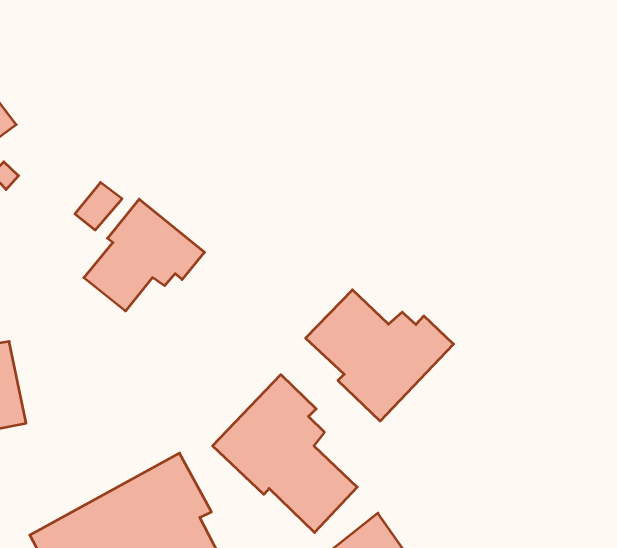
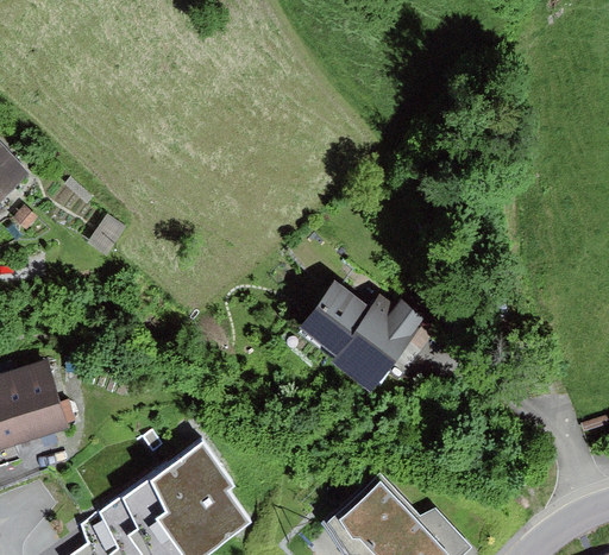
building: [84,199,205,311] -> none
building: [213,375,357,533] -> none

